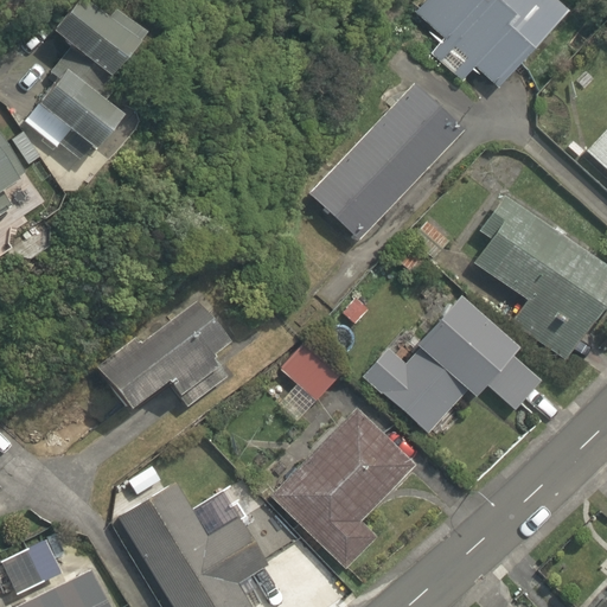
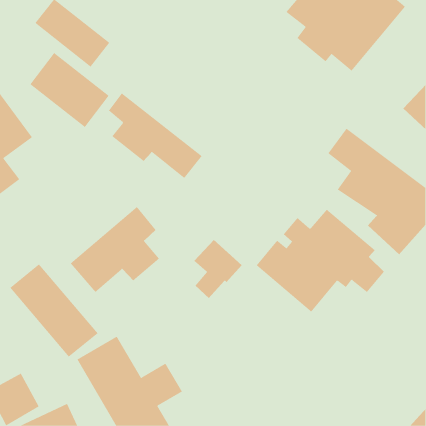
building: [312,66,467,250] -> none
building: none -> [108,92,202,179]
building: none -> [9,263,98,357]
building: [271,402,420,560] -> none

